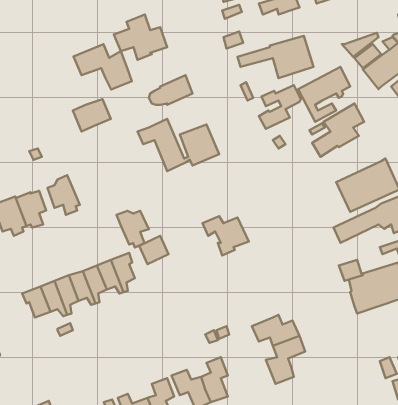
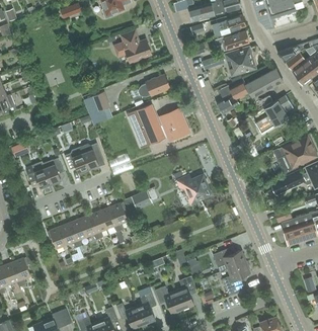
building: none -> [214,30,249,51]
building: [74,44,132,89] -> none
building: [116,211,149,247] -> [79,143,102,169]

